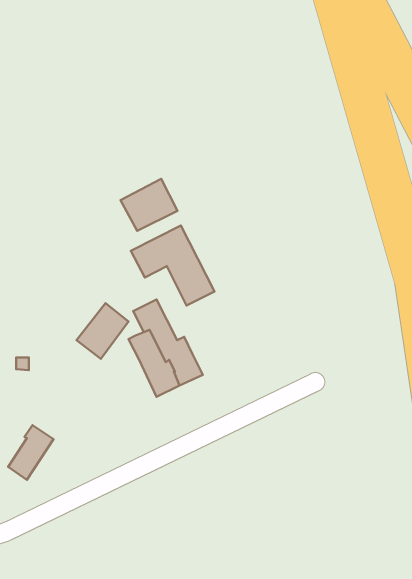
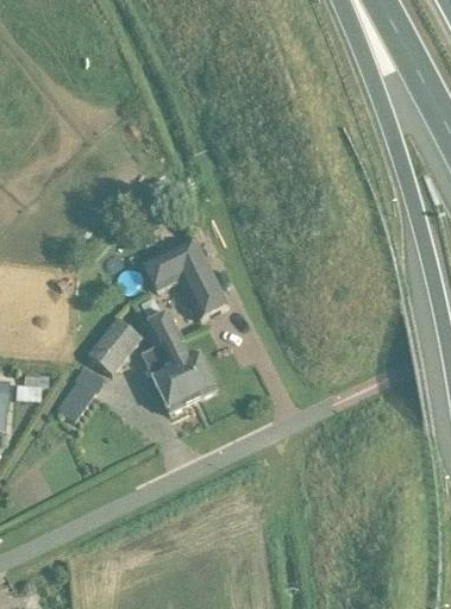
building: [121,179,177,231] -> none
building: [8,425,53,480] -> [57,366,104,422]

